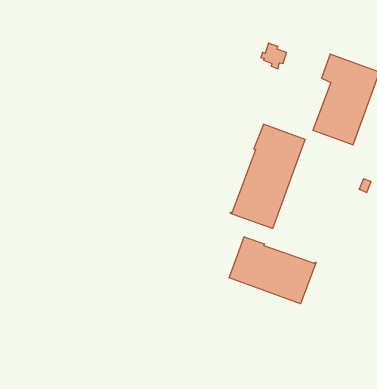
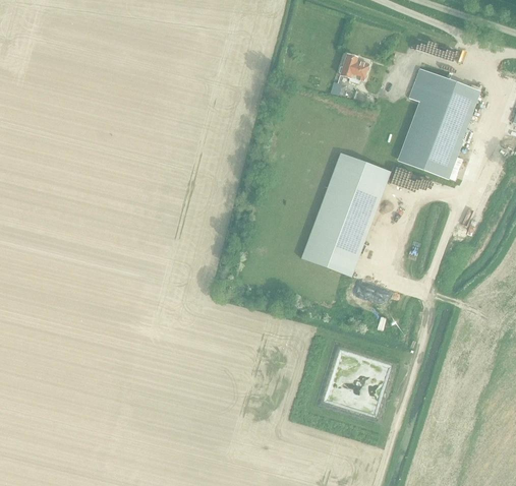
building: [229,237,316,304] -> none

